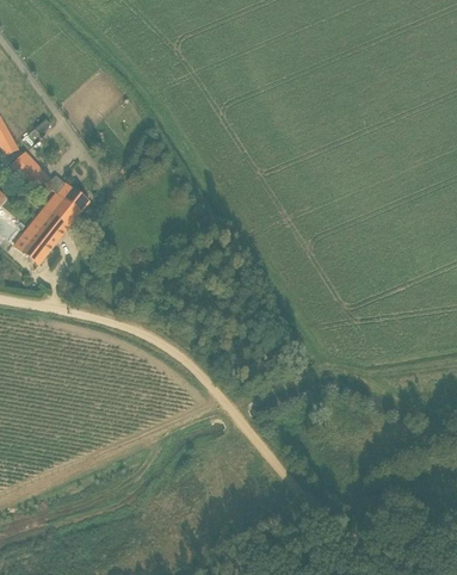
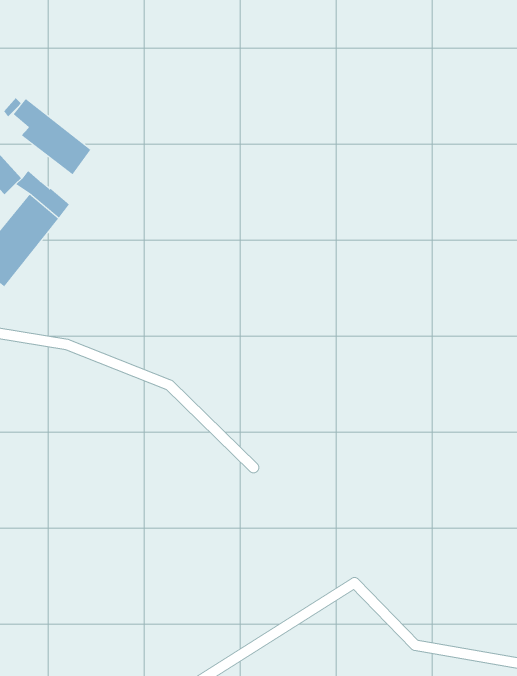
building: none -> [13,98,91,175]

